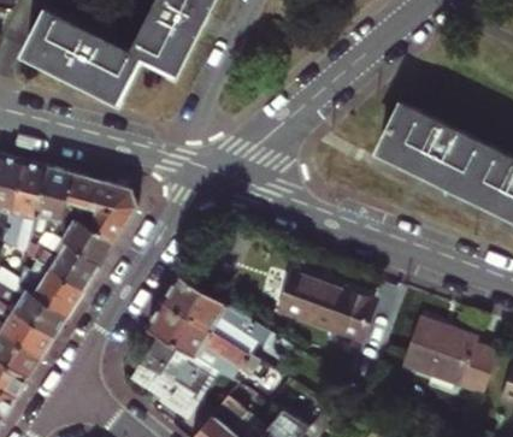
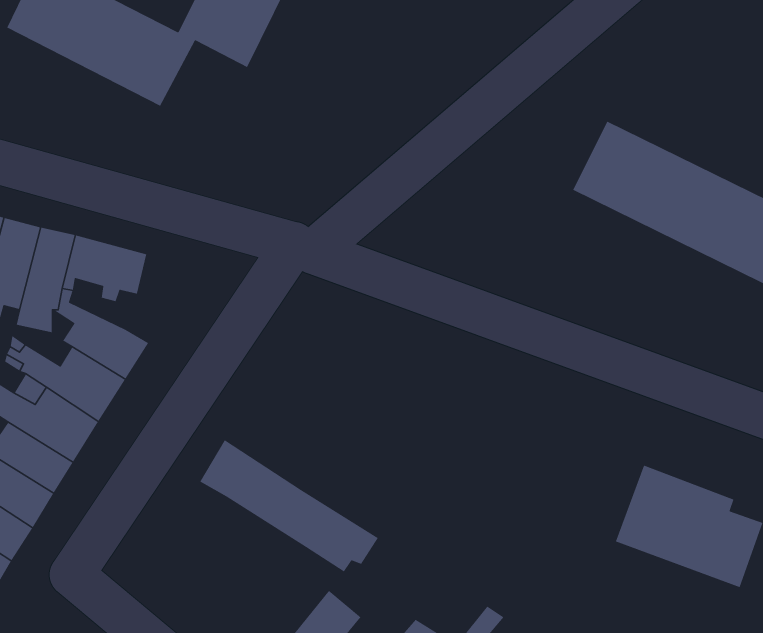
building: [64,187,134,242] -> none
building: [278,274,373,343] -> none
building: [160,277,272,350] -> none
building: [136,338,211,414] -> none

